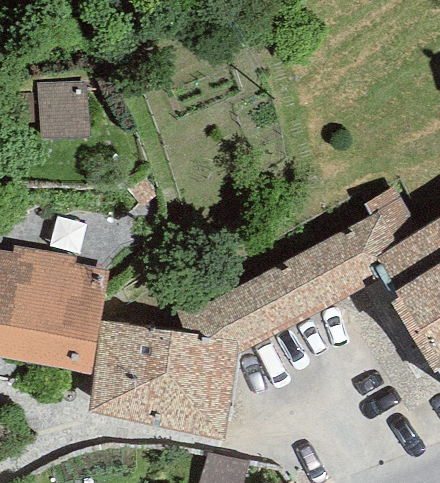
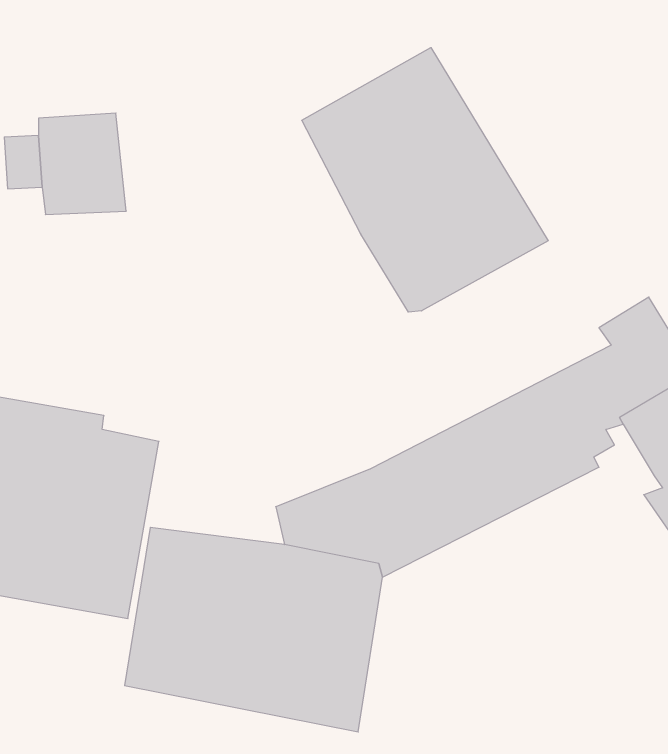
building: none -> [302,48,548,312]

